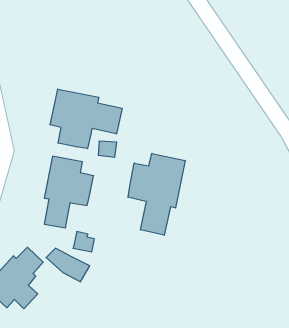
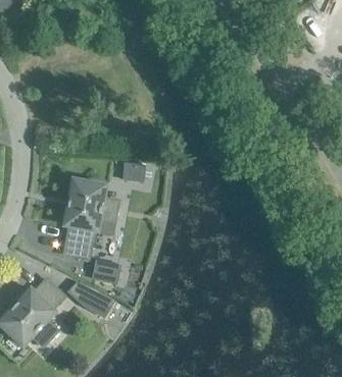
building: [50,89,122,149] -> none
building: [128,153,185,235] -> none

